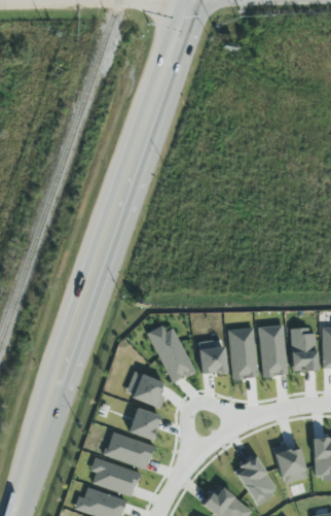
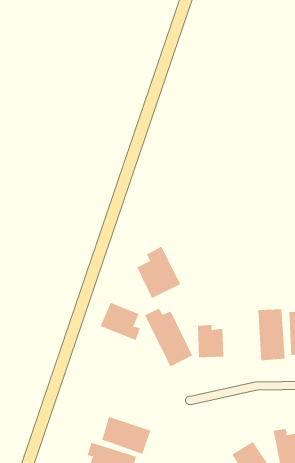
building: none -> [137,246,181,299]
building: [227,328,258,380] -> none
building: [124,371,164,409] -> [100,302,140,341]
building: [128,407,161,441] -> none

